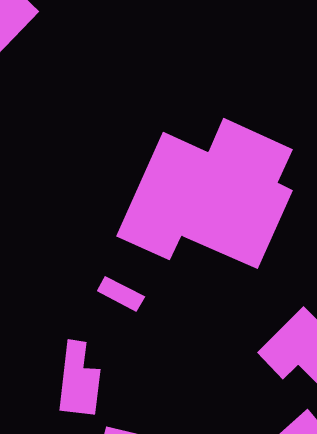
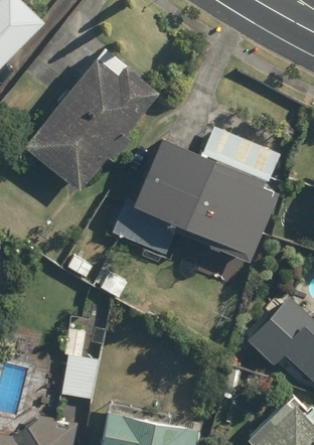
building: none -> [21,46,157,190]

